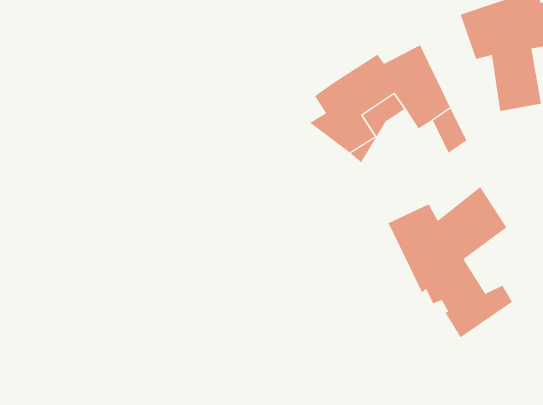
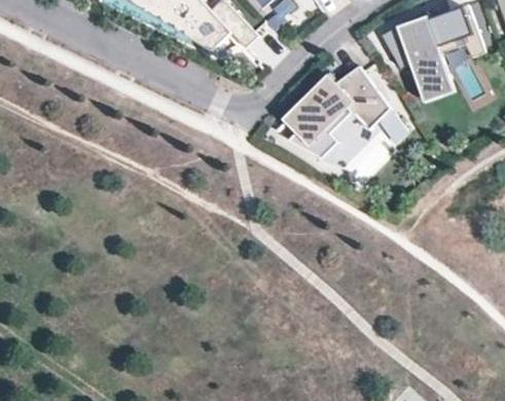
building: [388,186,513,338] -> none

